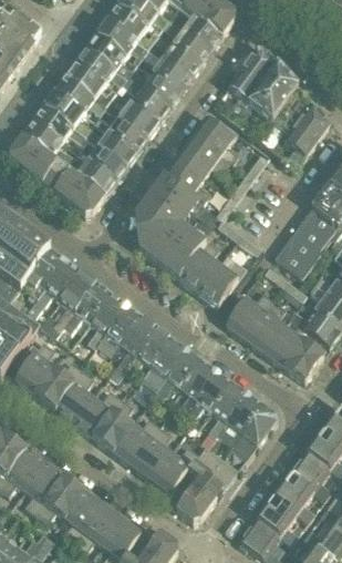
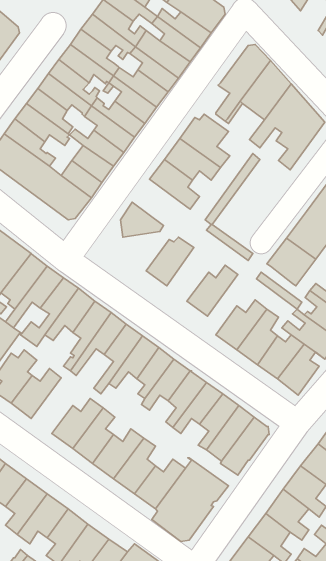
building: [145,176,197,221] -> none
building: [136,226,180,264] -> none
building: [178,238,218,293] -> none
building: [49,366,90,419] -> none

